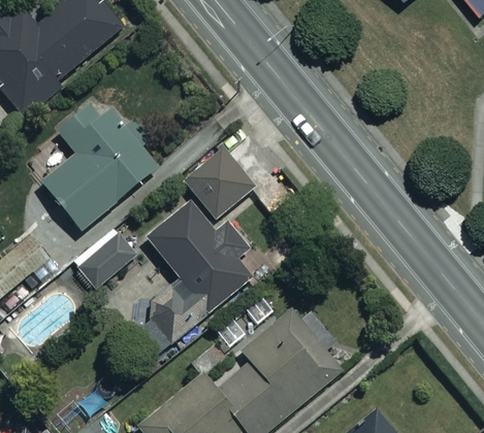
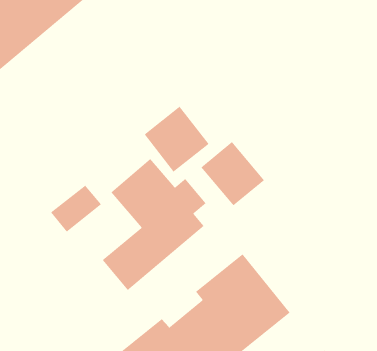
building: [40,93,159,230] -> none
building: none -> [201,141,265,206]

